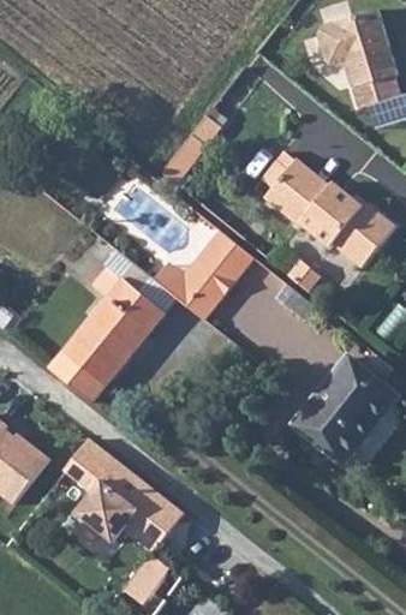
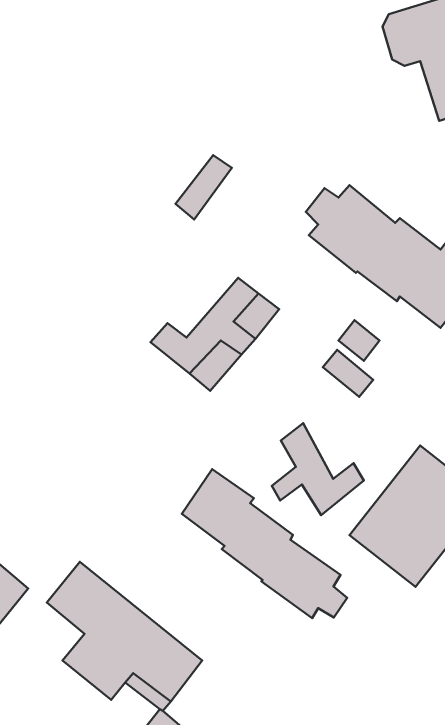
building: [48,269,162,406] -> none
building: none -> [272,423,364,515]
building: none -> [182,469,347,618]

